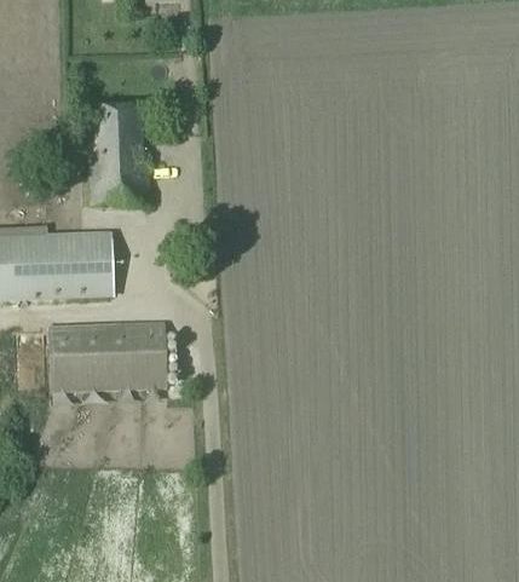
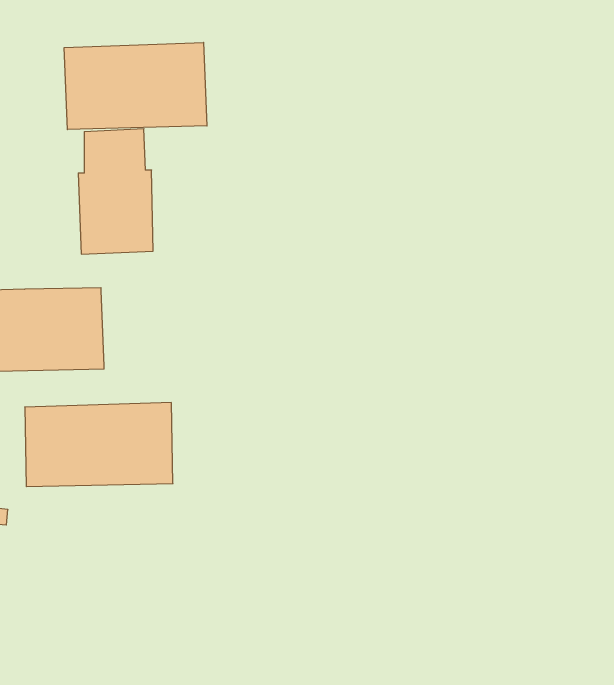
building: none -> [64,42,207,130]

